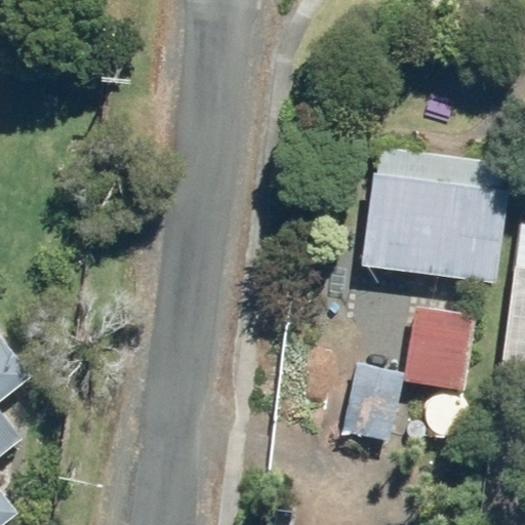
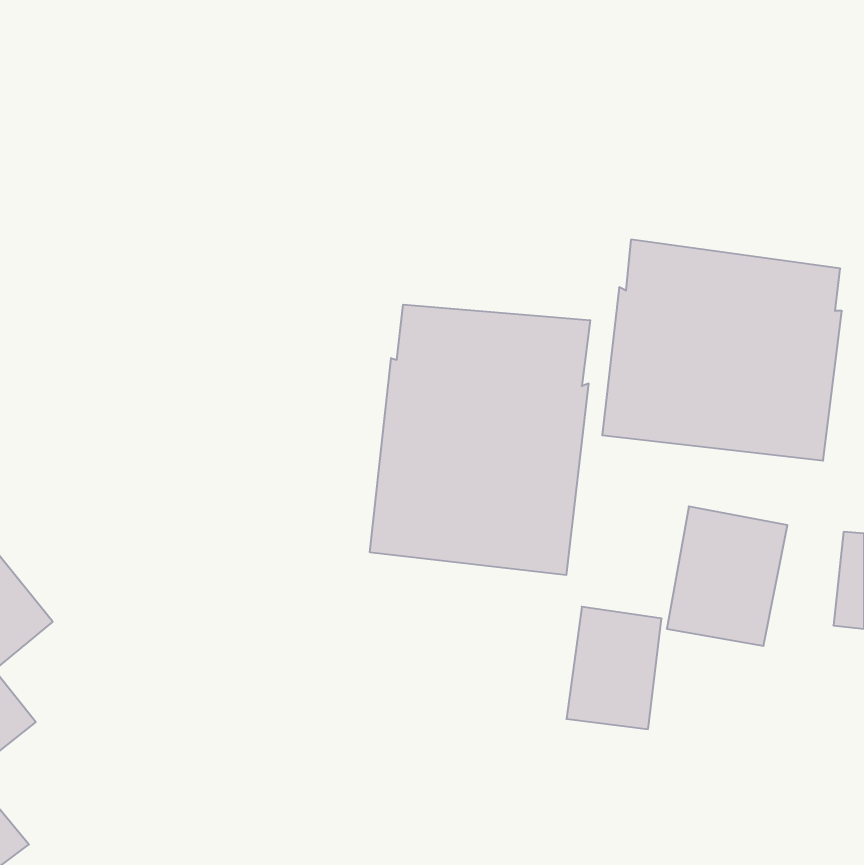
building: none -> [370,305,590,575]

